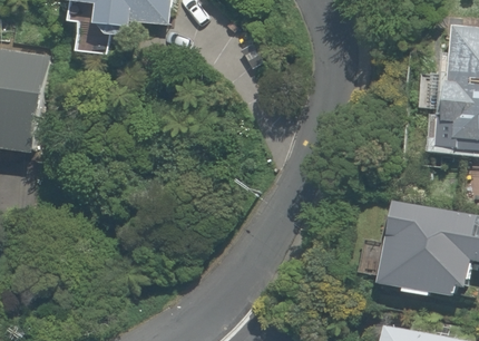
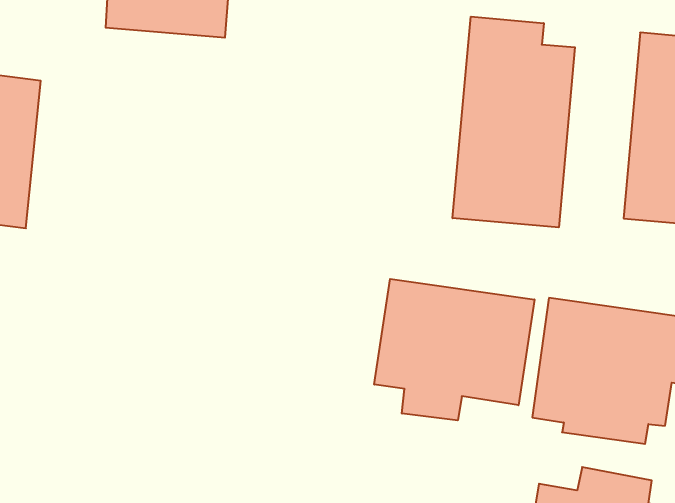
building: none -> [453,17,575,227]
building: none -> [374,279,534,420]

